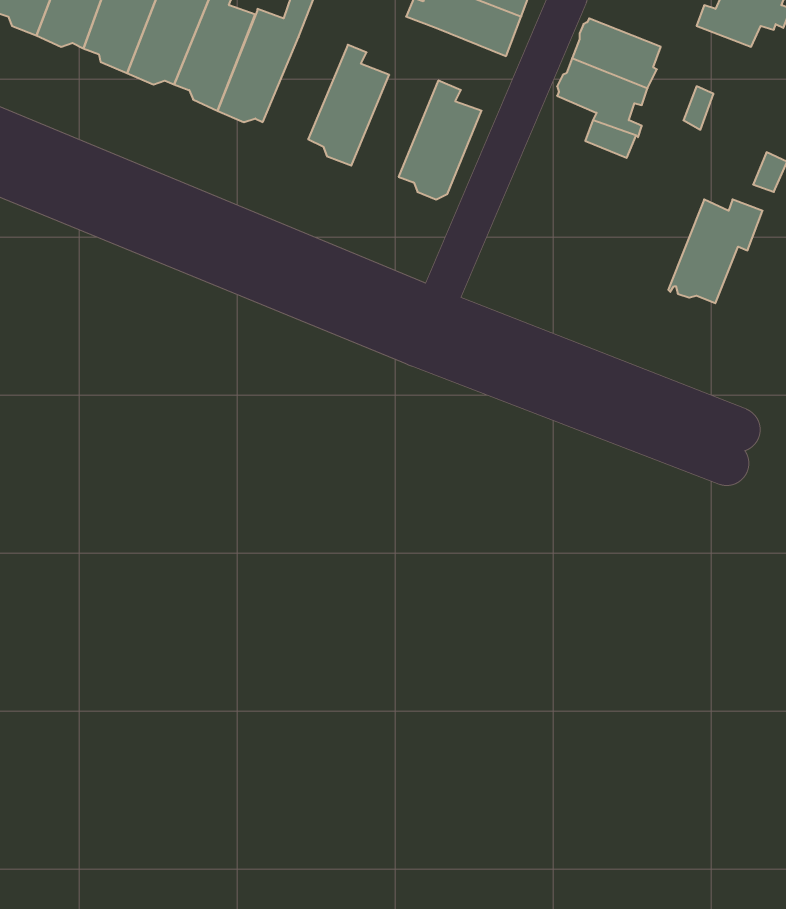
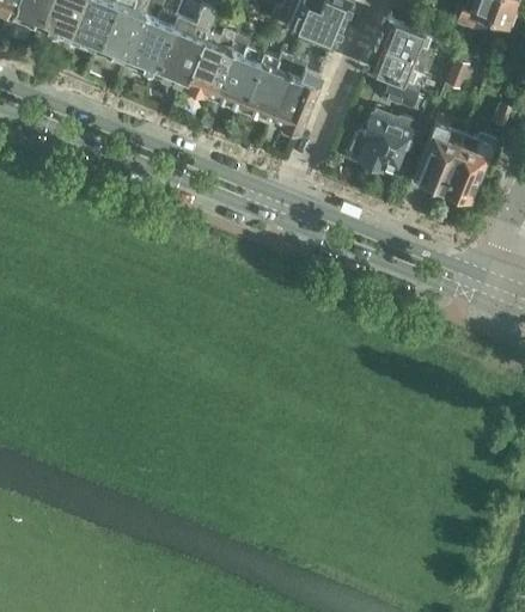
building: none -> [181,29,234,93]
building: none -> [237,51,292,117]
building: none -> [349,115,416,171]
building: none -> [411,121,460,189]

